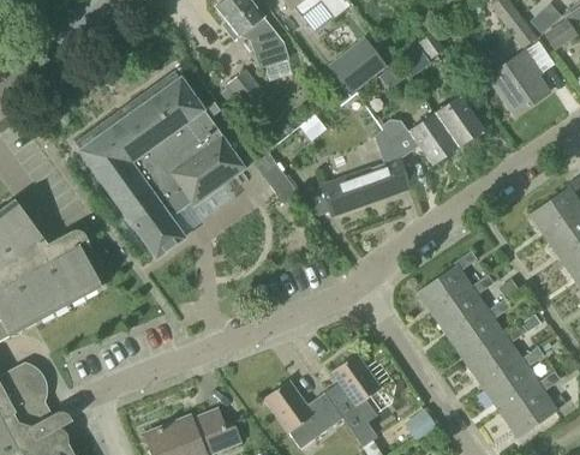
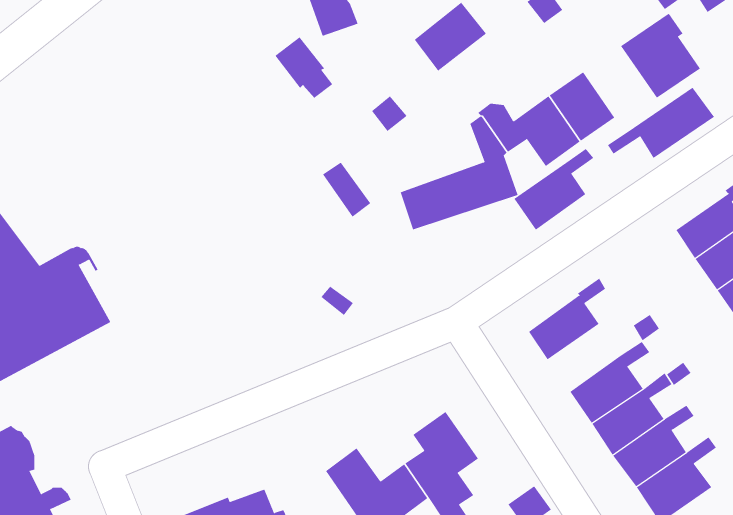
building: [79,78,245,258] -> none
building: none -> [607,87,715,159]
building: [432,275,494,337] -> [513,148,594,231]

